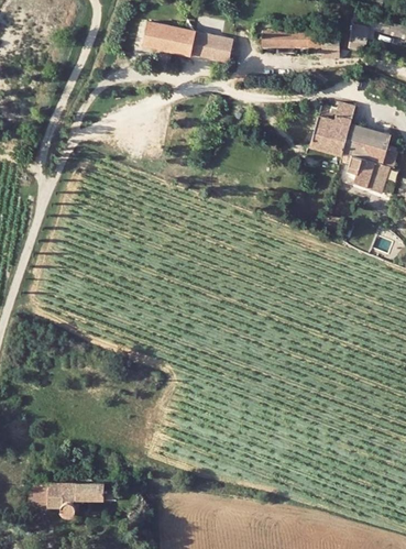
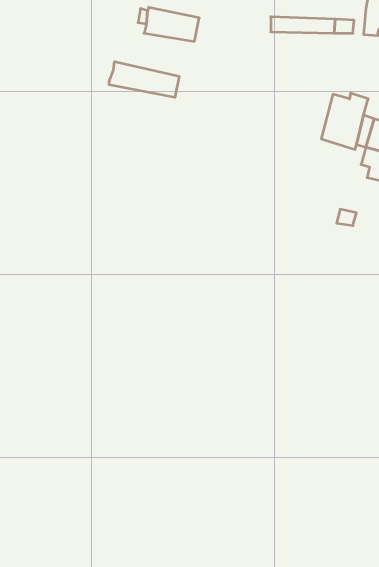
building: [193,33,230,62] -> none
building: none -> [109,62,179,97]
building: [31,482,107,513] -> none

